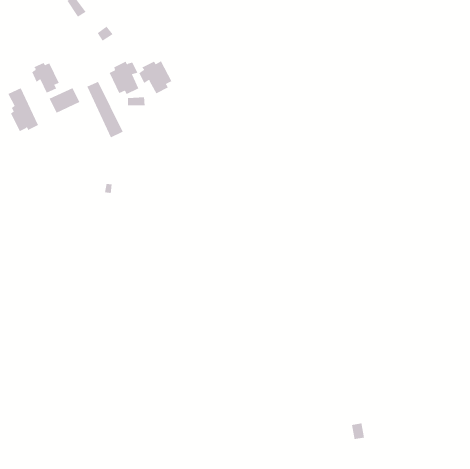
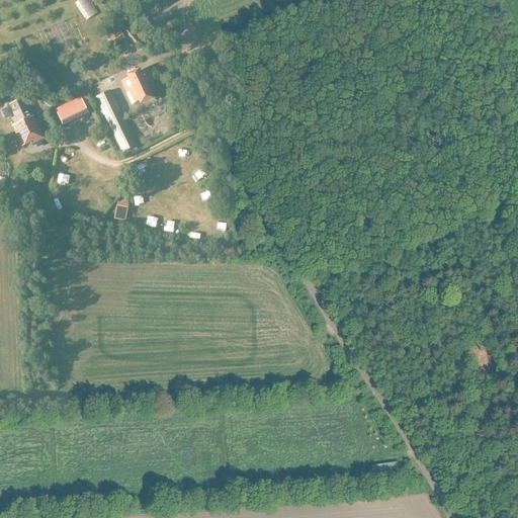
building: [139,61,172,94] -> none
building: [31,62,59,93] -> none

